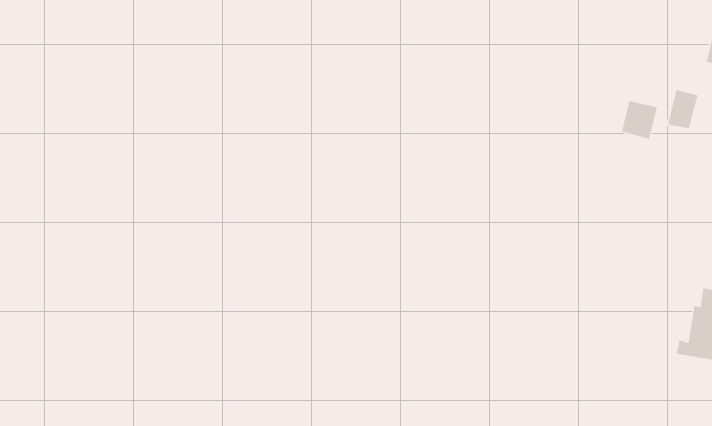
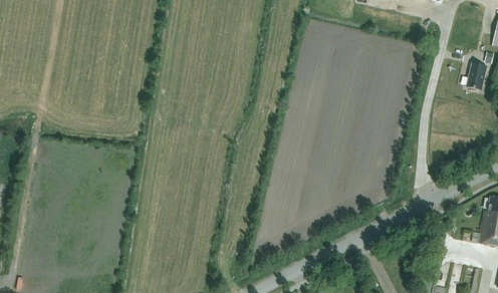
building: [621,100,658,140] -> none

